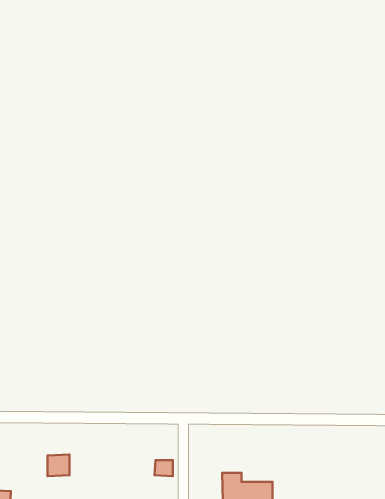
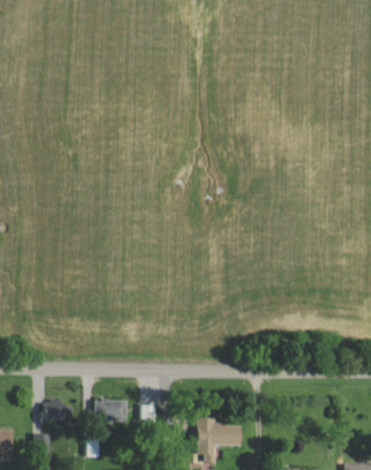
building: none -> [98,400,128,421]

